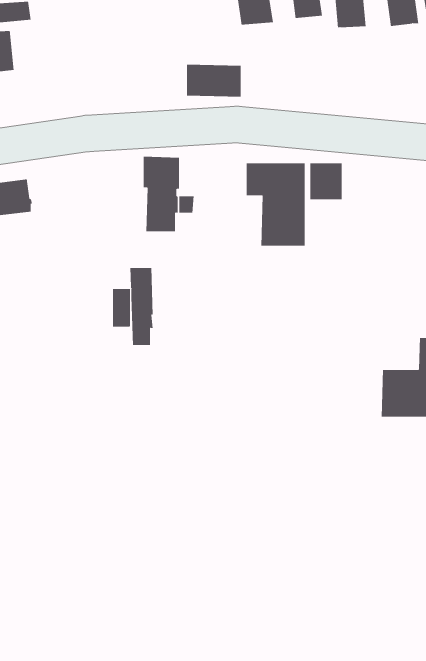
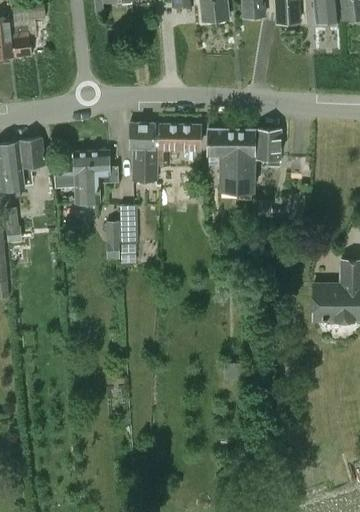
building: [186,64,242,97] -> [157,124,199,149]
building: none -> [53,149,118,204]

